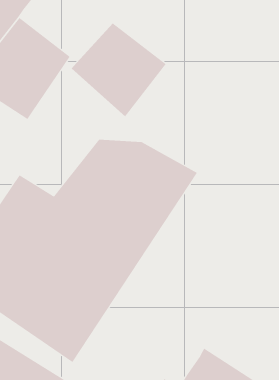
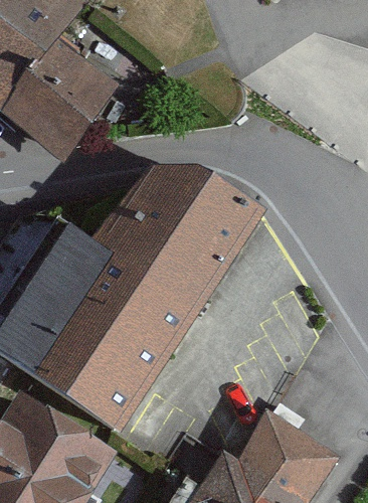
building: [71,22,166,117] -> none

